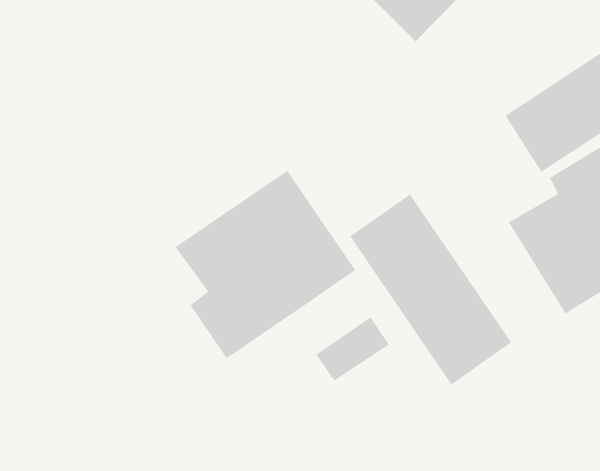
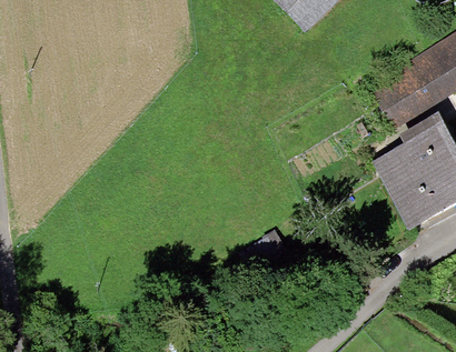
building: [174,170,356,359] -> none
building: [349,193,512,385] -> none

